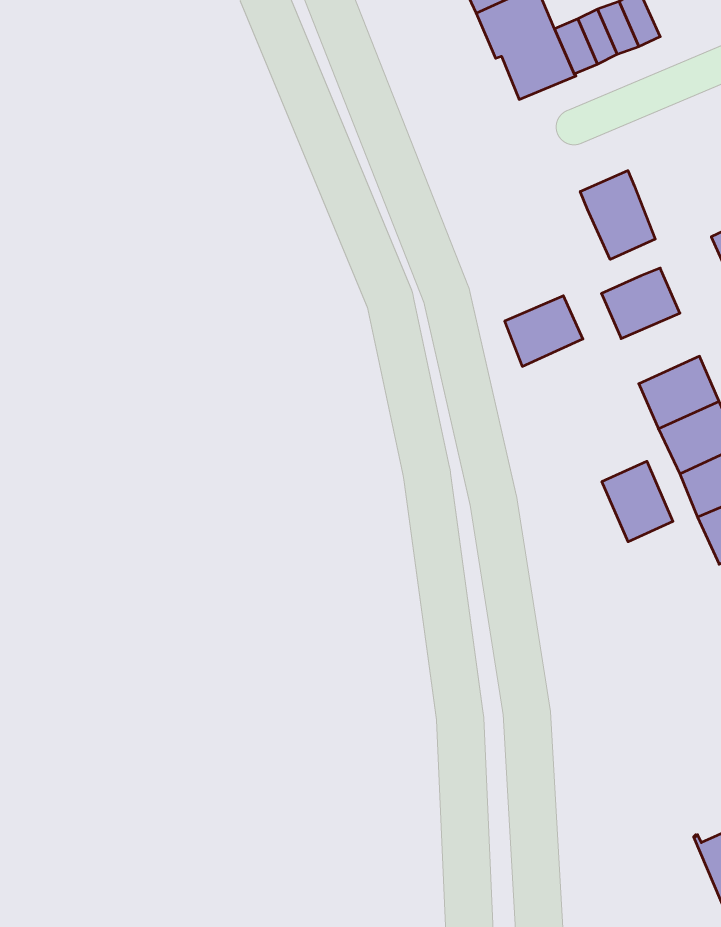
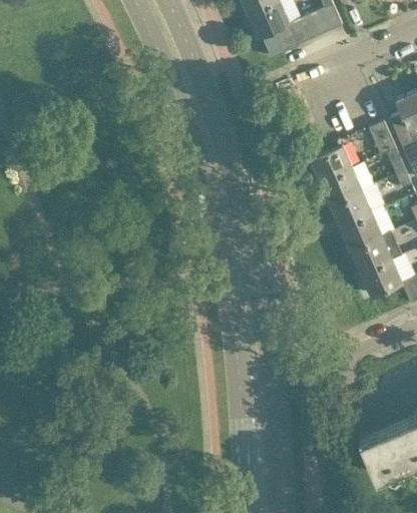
building: [580,171,655,259] -> none
building: [505,296,583,366] -> [325,165,365,201]
building: [602,461,673,542] -> none

